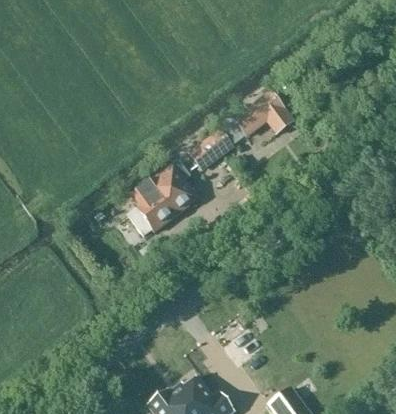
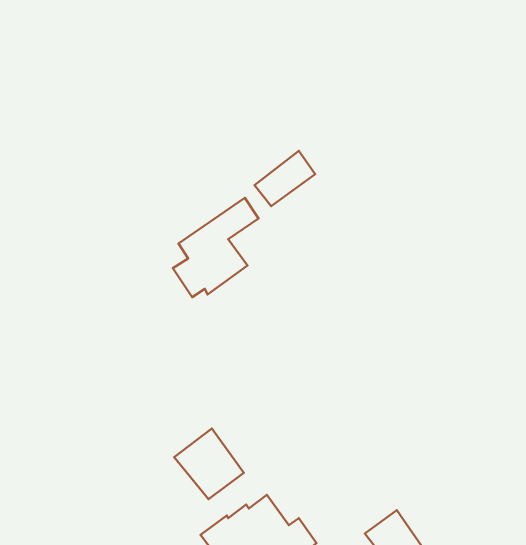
building: [233,89,295,136] -> none
building: none -> [174,428,244,499]

